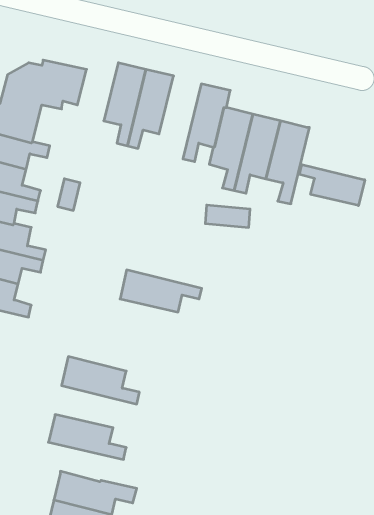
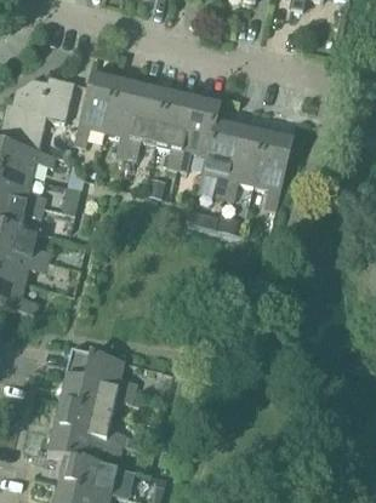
building: none -> [73,73,116,145]
building: none -> [154,91,193,167]
building: [300,165,365,206] -> none
building: [120,270,202,312] -> [58,376,133,415]
building: none -> [46,428,121,464]

